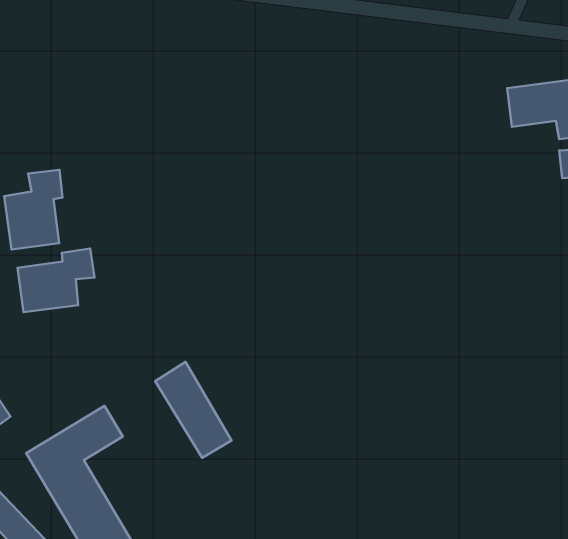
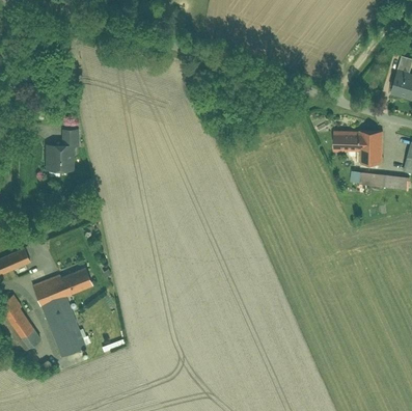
building: [17,248,95,312] -> none
building: [155,362,232,458] -> none

